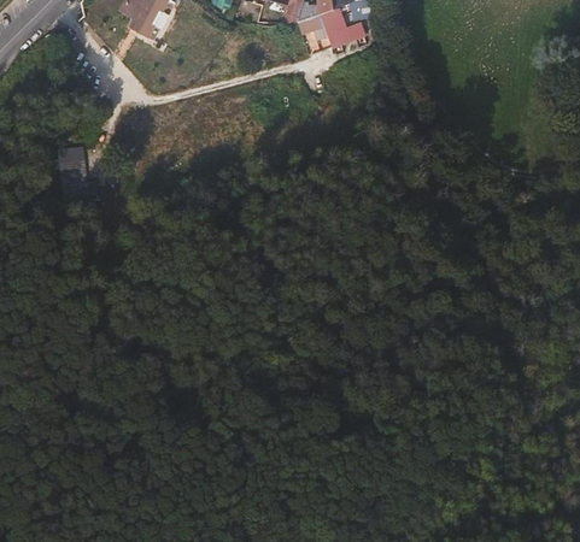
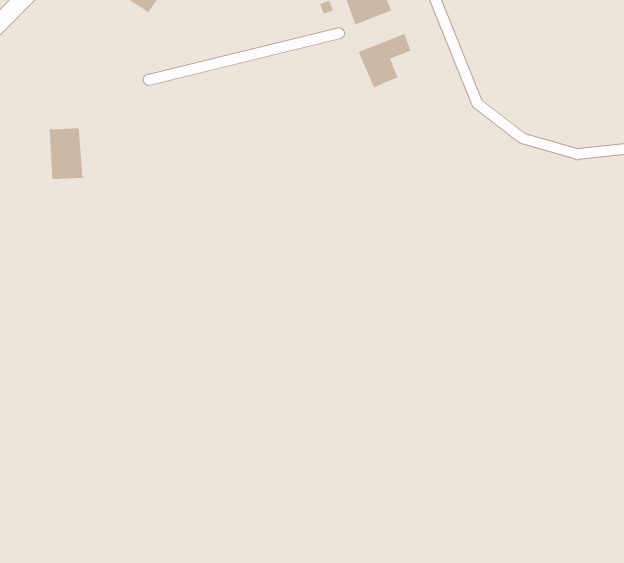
building: none -> [358,33,411,89]

